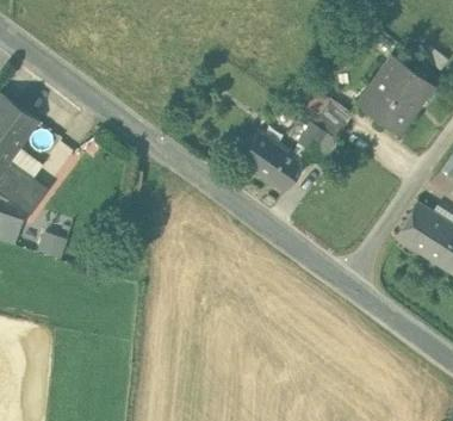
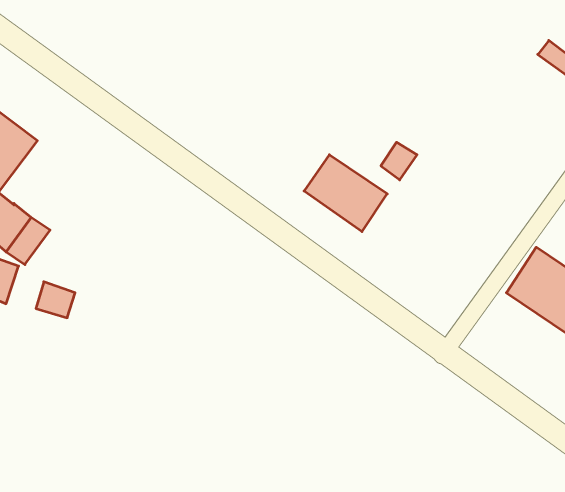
building: [362,56,430,134] -> none
building: [312,99,353,138] -> none

